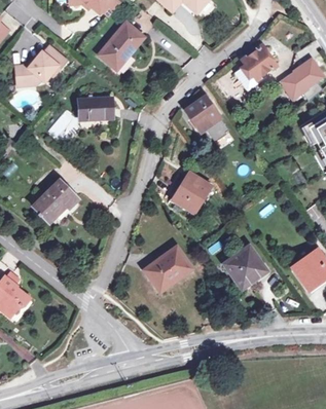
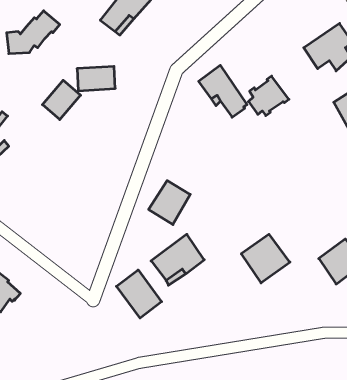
building: [241,45,277,80] -> [248,76,289,116]
building: [173,173,210,212] -> [149,181,190,225]
building: [33,181,78,222] -> none
building: none -> [116,270,162,318]

